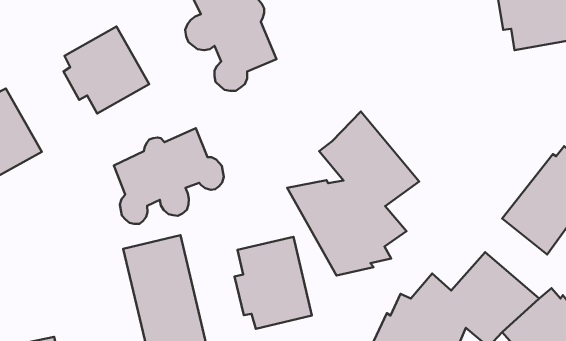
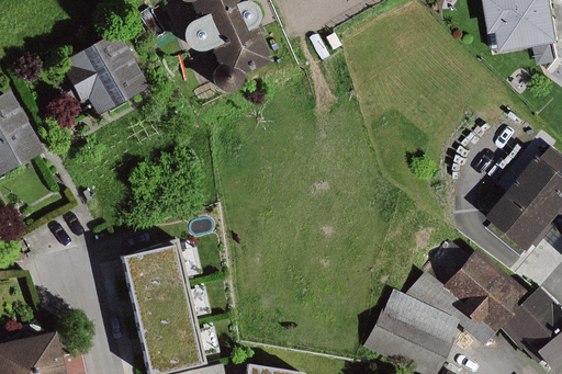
building: [287,112,419,275] -> none
building: [114,128,224,224] -> none
building: [235,237,312,329] -> none

